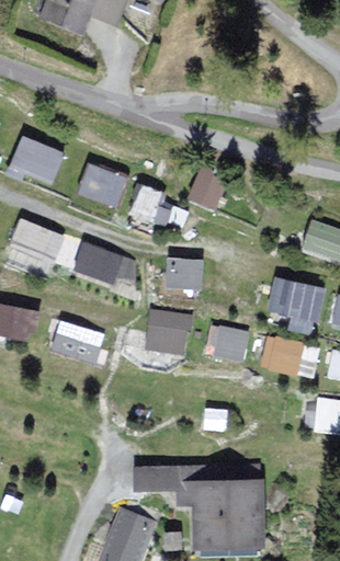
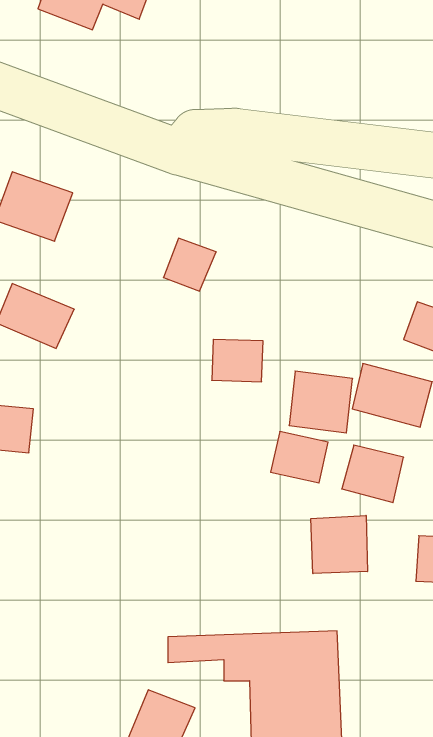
building: [78,163,128,207] -> none
building: [188,178,226,219] -> none
building: [76,242,136,287] -> none
building: [145,308,191,353] -> [289,371,353,433]
building: [52,322,105,362] -> none
building: none -> [311,515,367,574]

